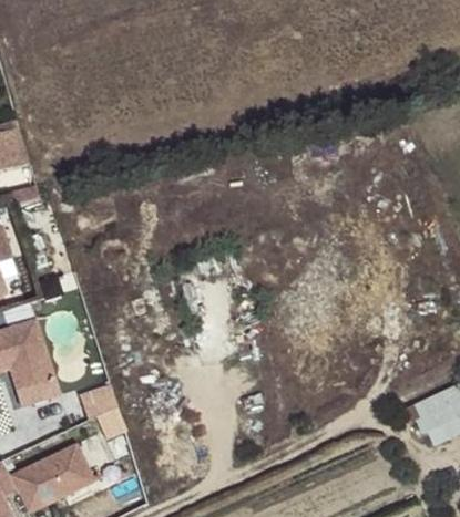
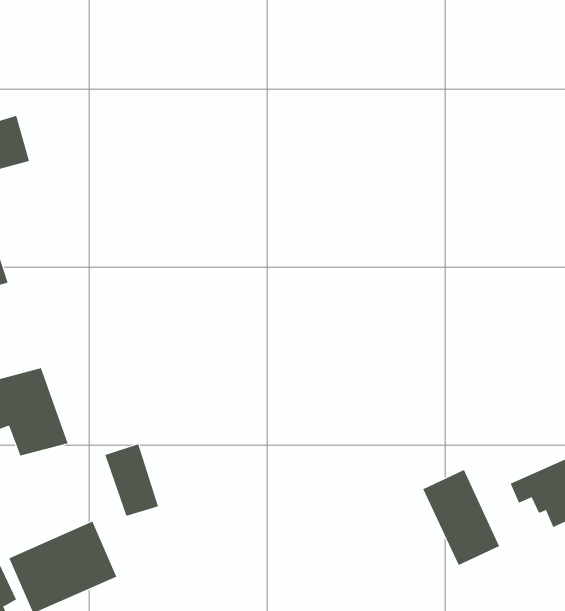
building: none -> [423,469,500,566]

